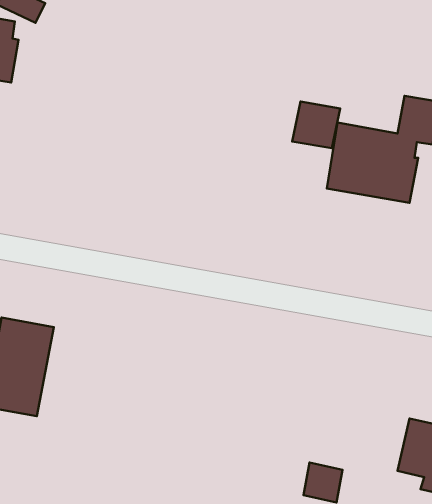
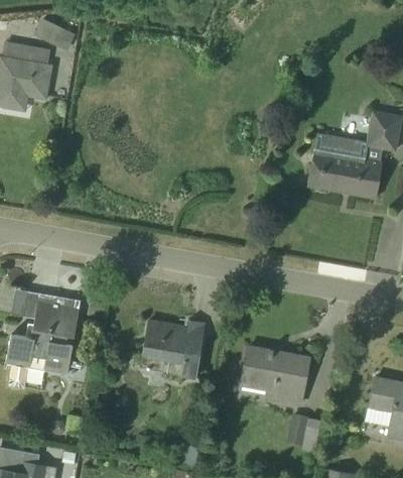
building: [292,102,340,148] -> none
building: none -> [140,320,206,376]
building: none -> [238,346,312,406]

